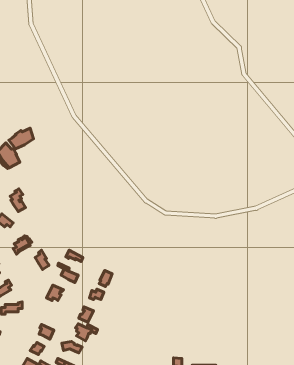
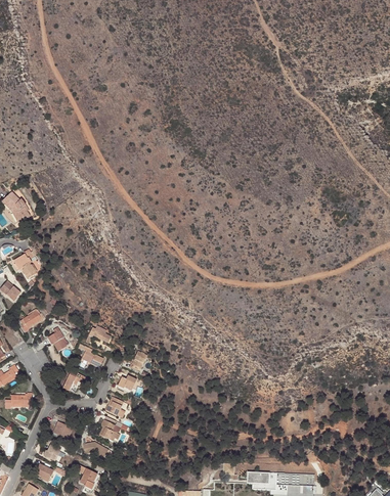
building: [9,128,34,149] -> none

